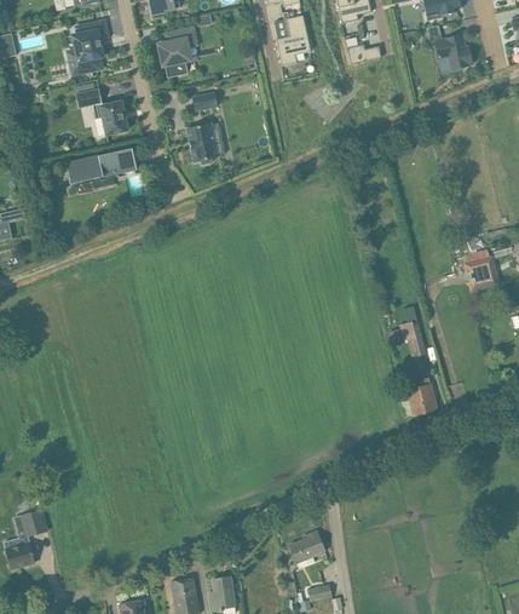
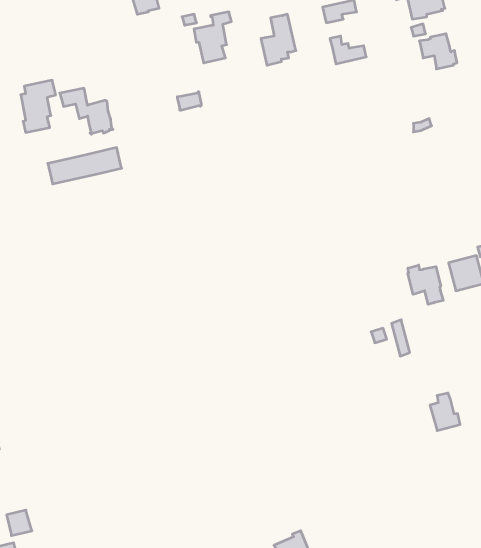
building: [73,21,108,73] -> [21,80,56,132]
building: [157,27,195,78] -> [194,12,231,63]
building: [186,122,218,163] -> none
building: none -> [408,265,443,304]
building: [406,378,437,415] -> [430,393,460,431]

